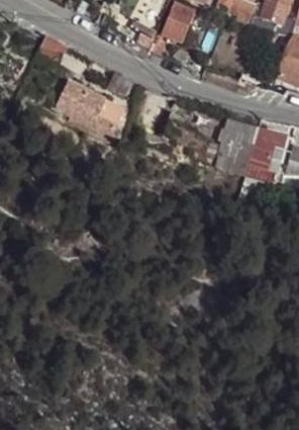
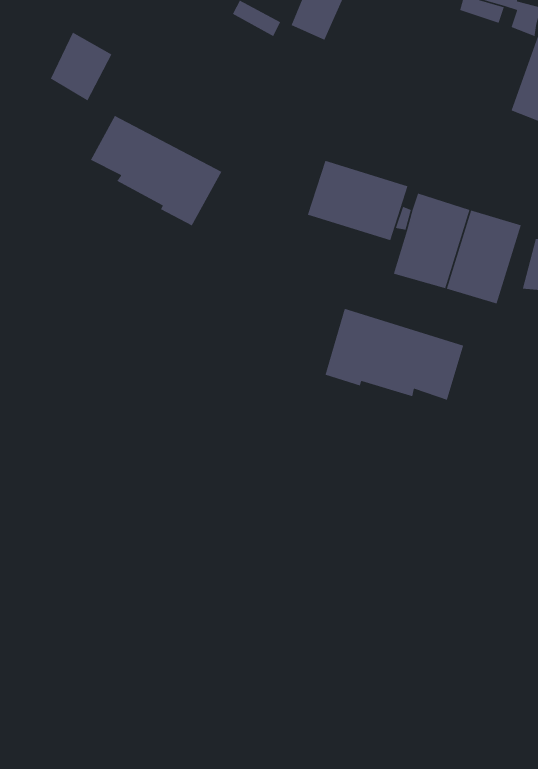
building: none -> [307,160,409,241]
building: none -> [325,308,464,401]

